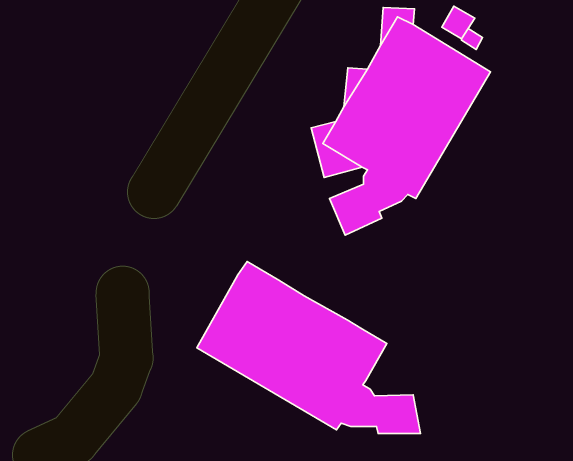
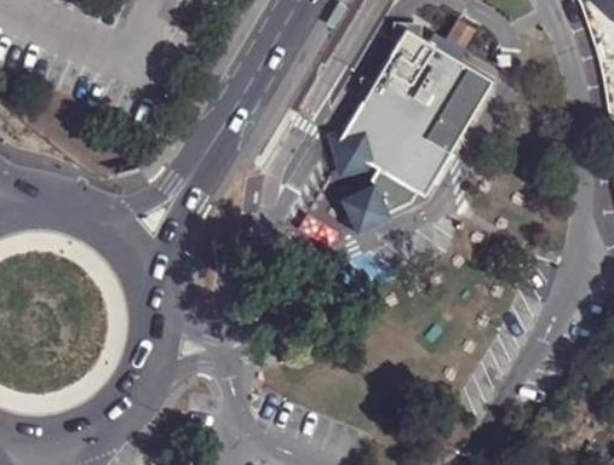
building: [197,262,420,434] -> none

